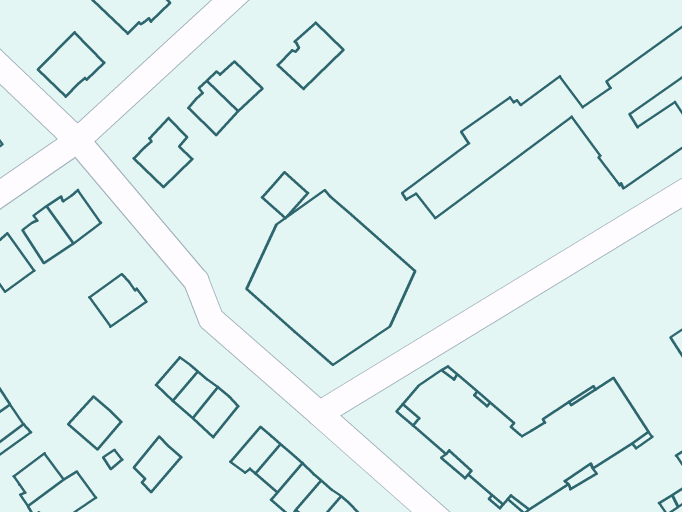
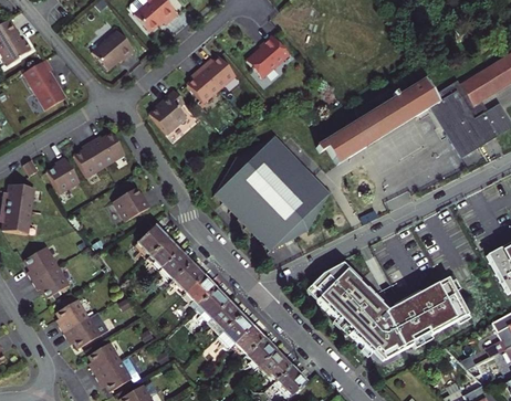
building: [262,172,308,218] -> none
building: [68,397,121,449] -> [135,225,169,260]
building: [134,437,181,492] -> [187,277,218,313]

